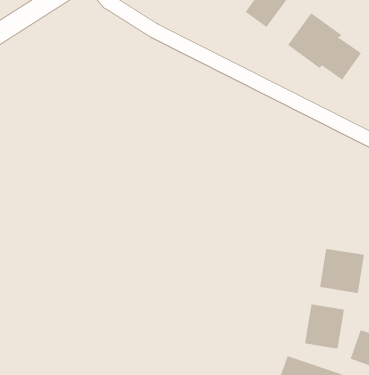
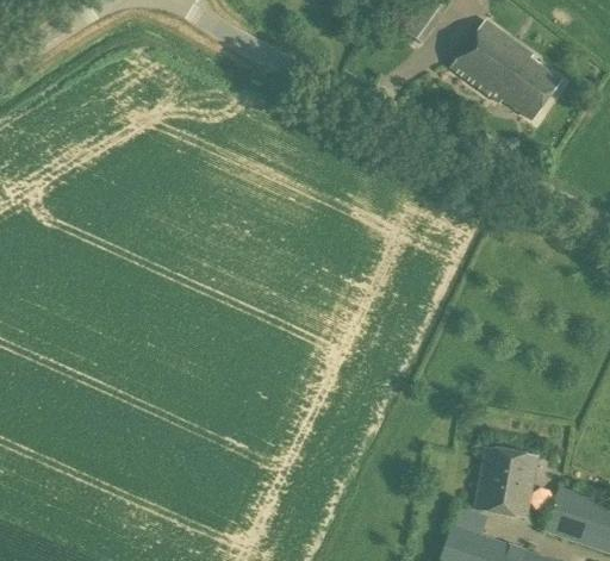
building: [319,248,364,294] -> none

